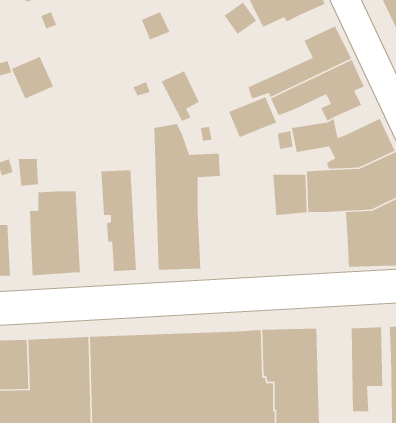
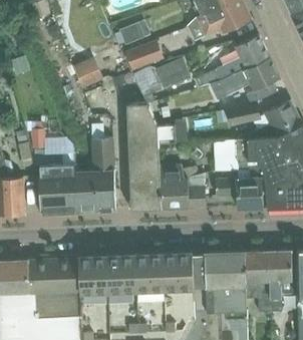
building: none -> [124,40,163,71]
building: [11,56,54,99] -> [72,57,103,88]
building: [228,96,277,138] -> [156,58,191,88]
building: none -> [72,154,98,213]
building: none -> [160,166,205,210]
building: none -> [215,169,263,210]
building: none -> [245,252,270,312]

